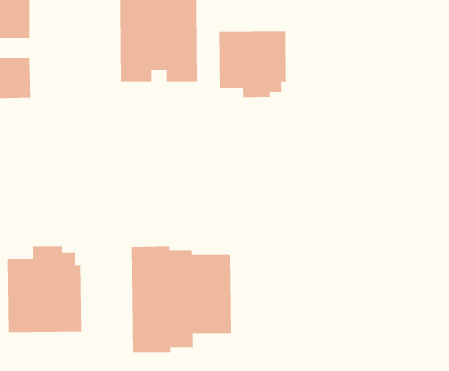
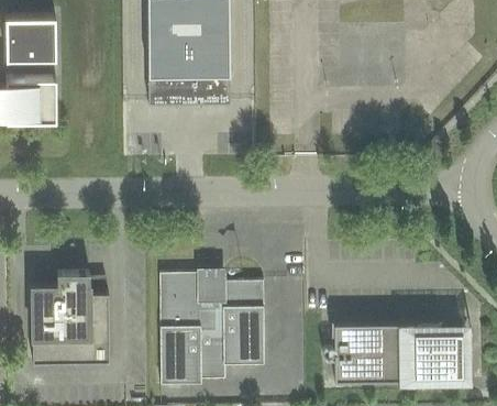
building: [219,31,286,98] -> none
building: none -> [333,323,471,382]

